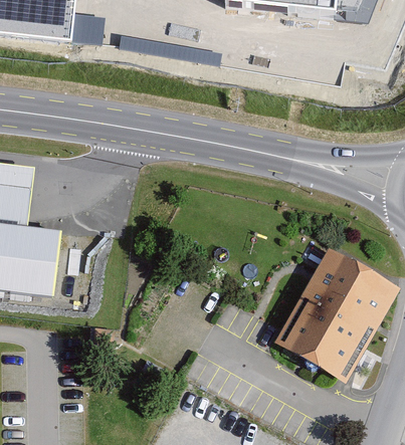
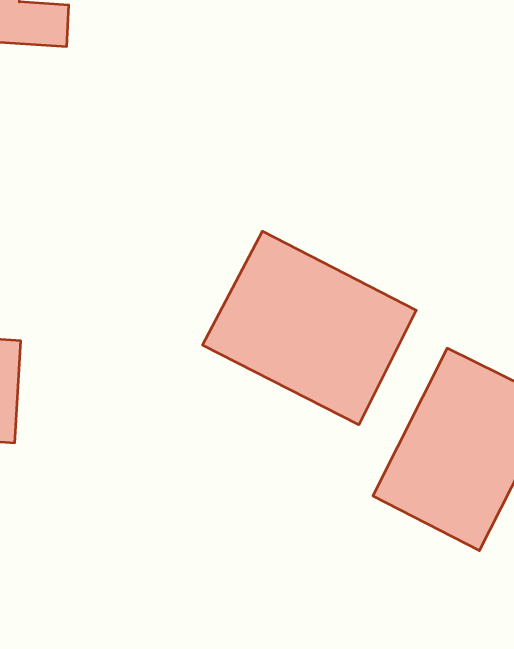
building: none -> [203,231,416,425]

